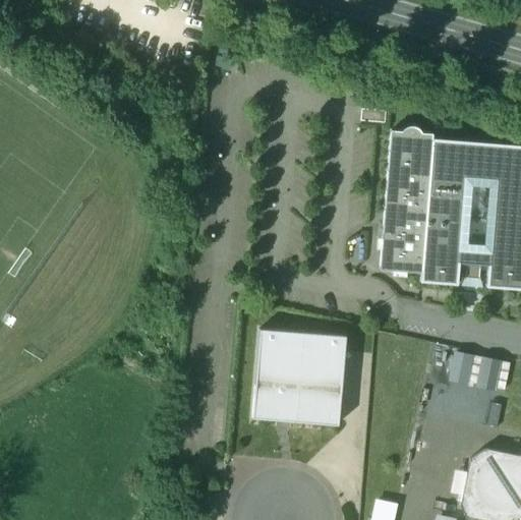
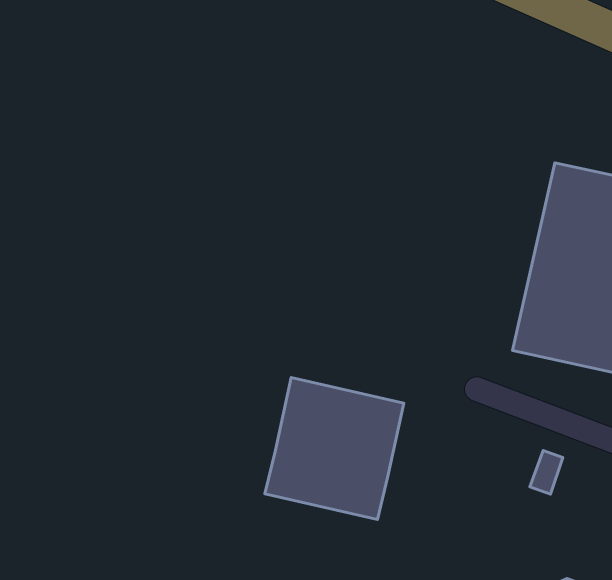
building: [381,125,433,272] -> none
building: [476,359,501,392] -> none

